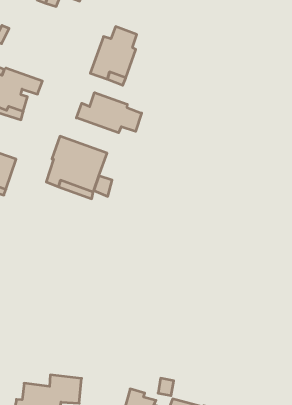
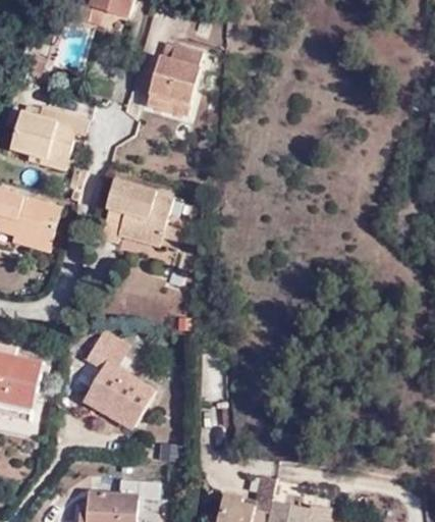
building: [76,93,142,133] -> none
building: none -> [83,328,154,425]

